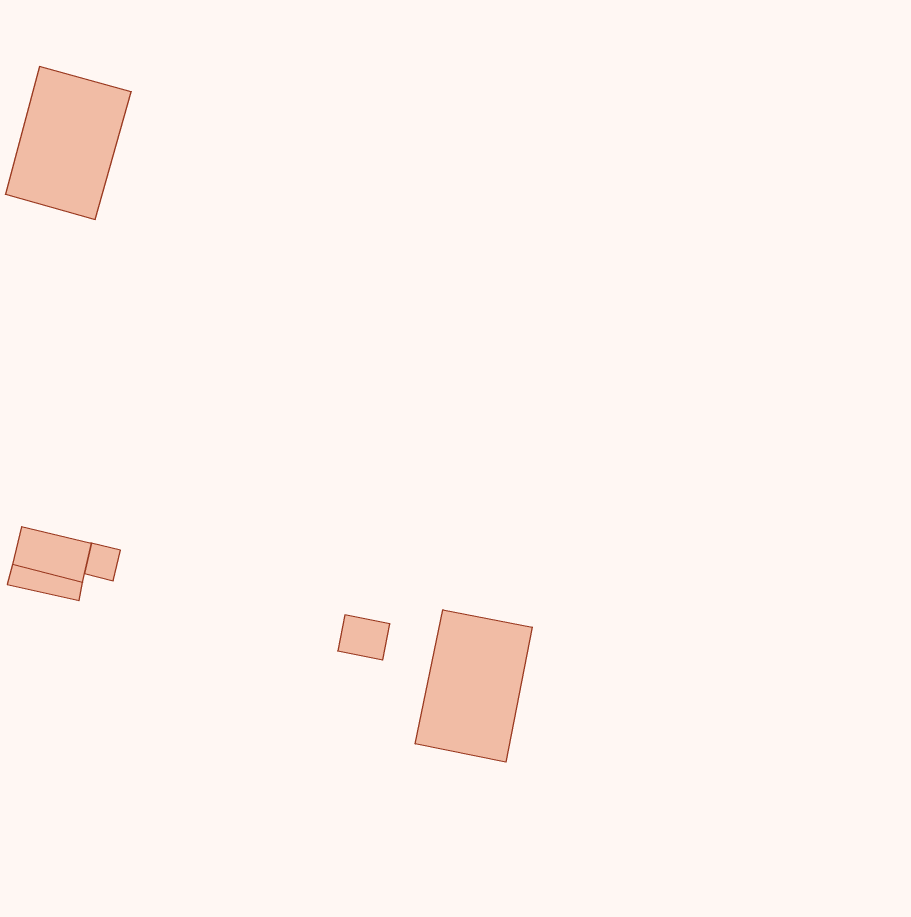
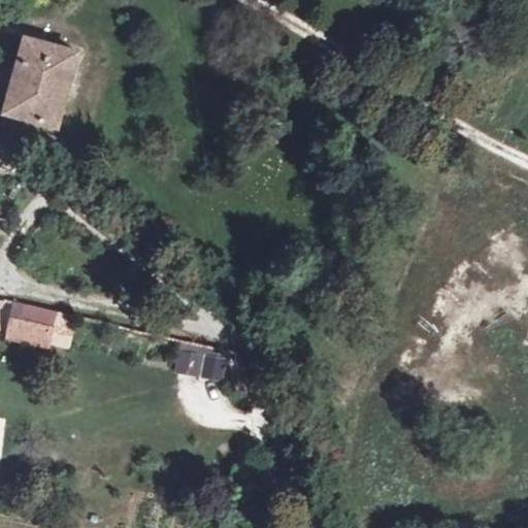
building: [415,610,532,762] -> none

